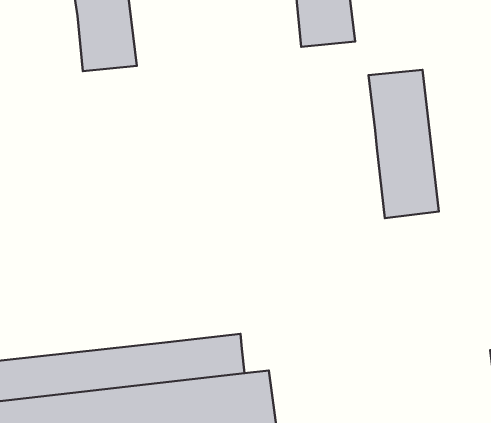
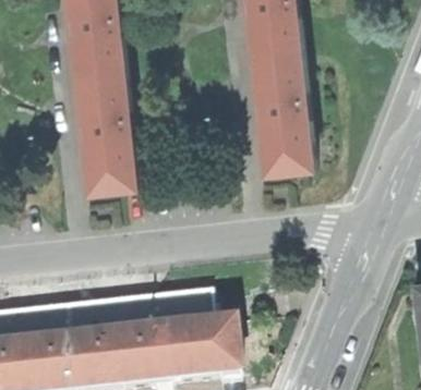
building: none -> [82,73,139,192]
building: [369,70,439,218] -> [258,53,315,173]

